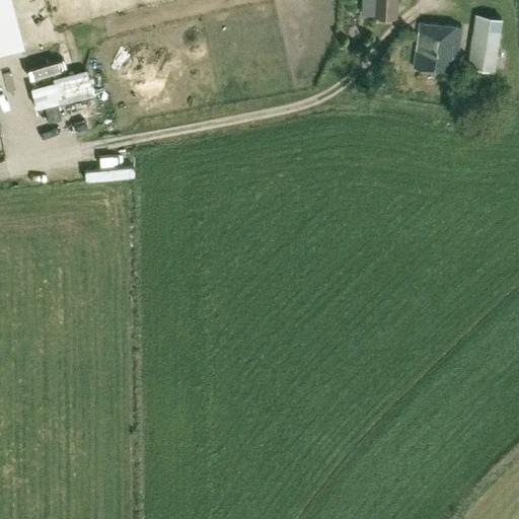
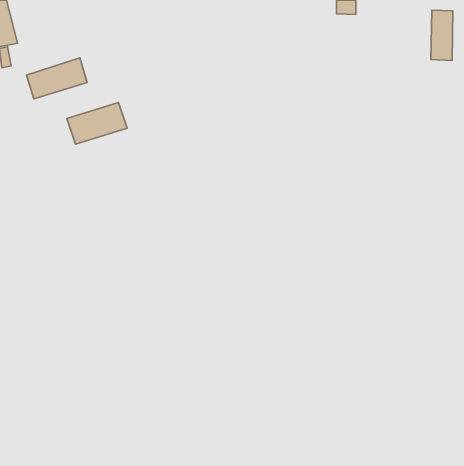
building: [409,24,454,75] -> none
building: none -> [67,102,127,144]

